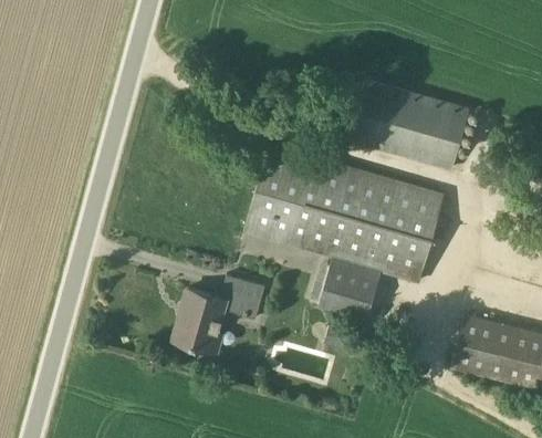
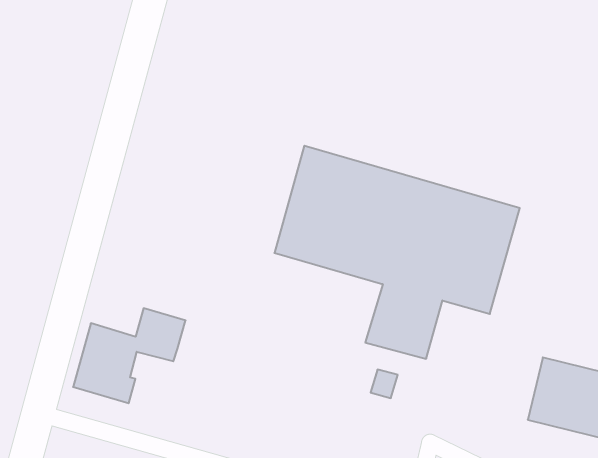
building: [346,79,469,168] -> none
building: [173,275,264,353] -> [73,308,186,403]

